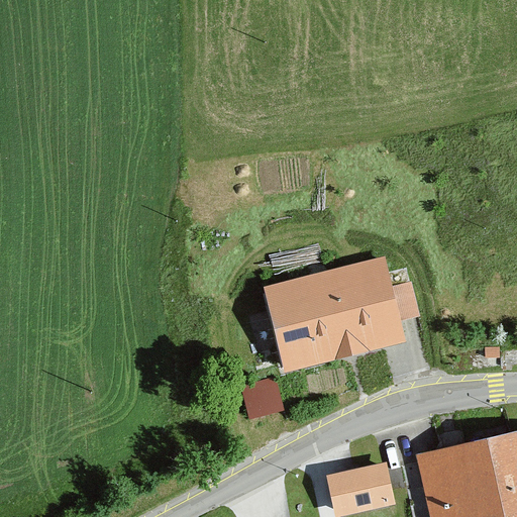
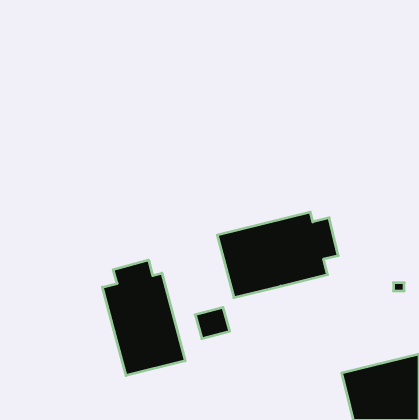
building: none -> [102,260,185,376]
building: [326,466,387,512] -> none

